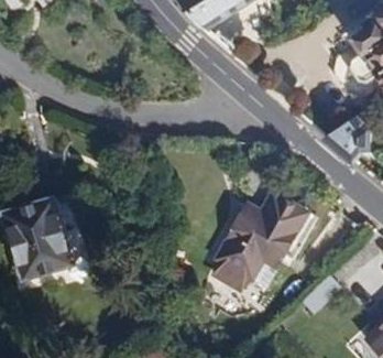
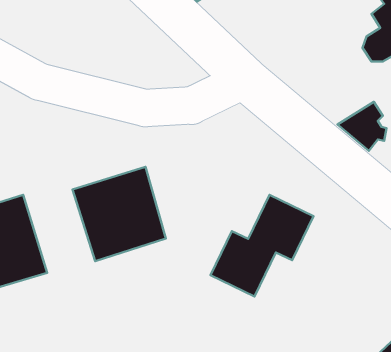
building: none -> [73,167,166,261]

